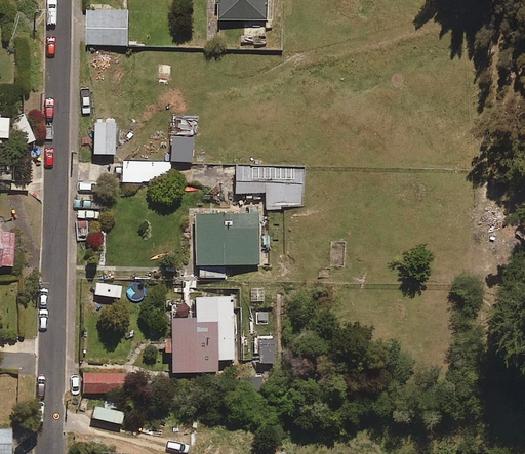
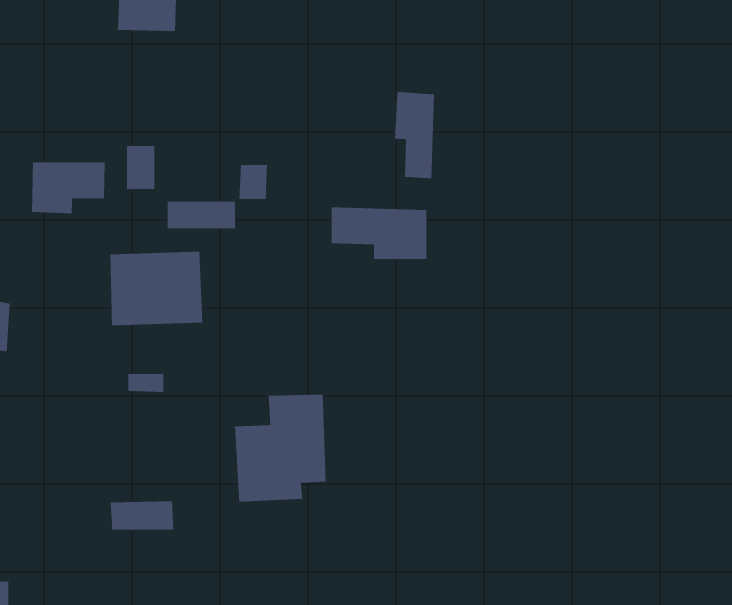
building: none -> [394,91,434,179]
building: none -> [31,162,105,214]
building: [195,213,260,265] -> [110,251,203,326]

